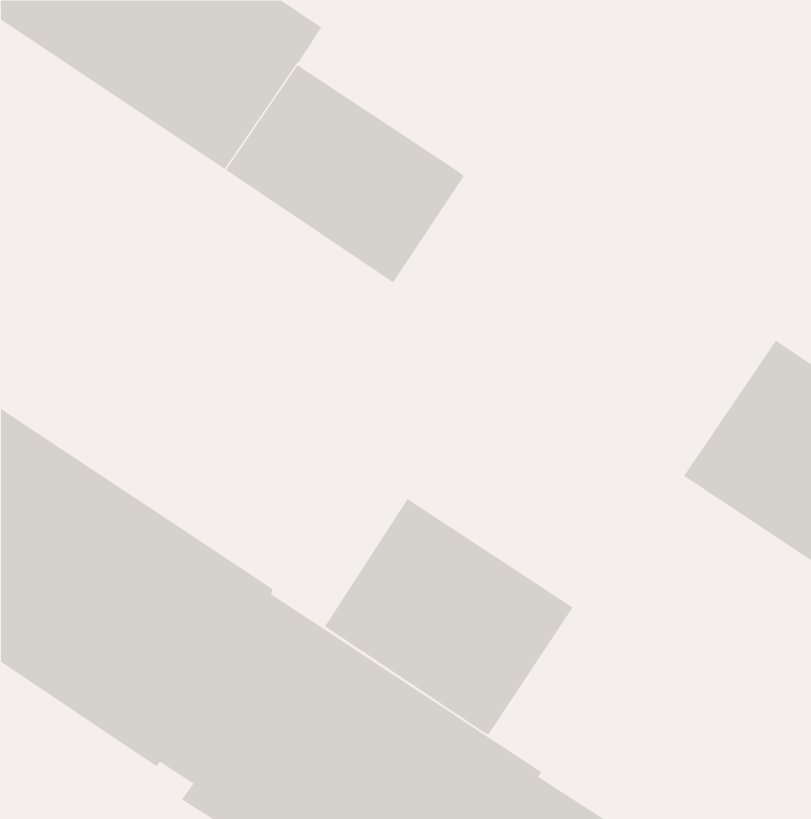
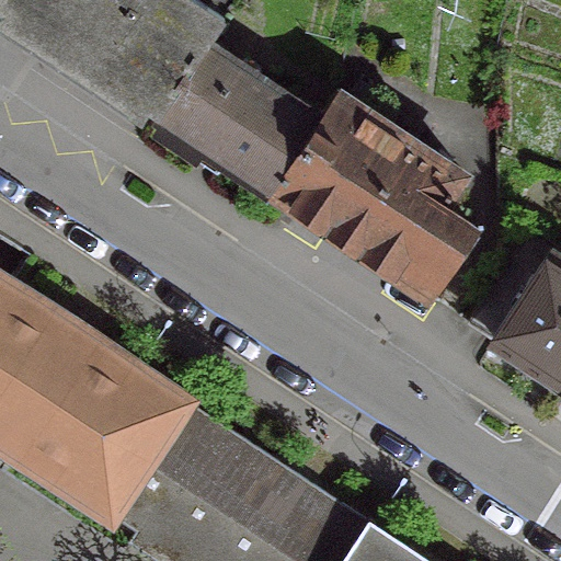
building: none -> [277,94,480,300]
building: [323,498,573,735] -> none

